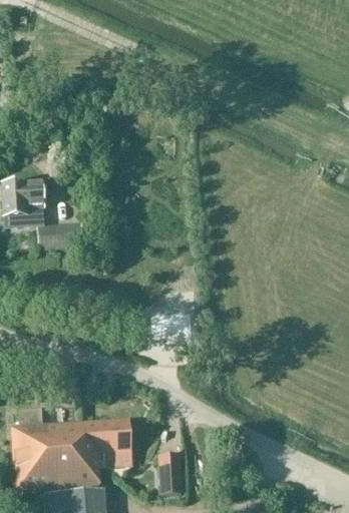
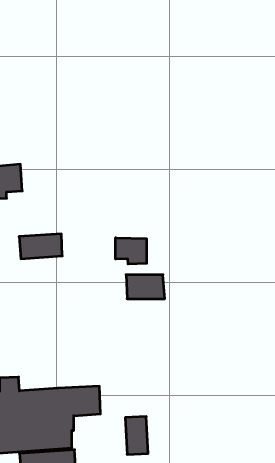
building: [37,222,84,249] -> [19,234,62,259]
building: none -> [116,238,147,264]

